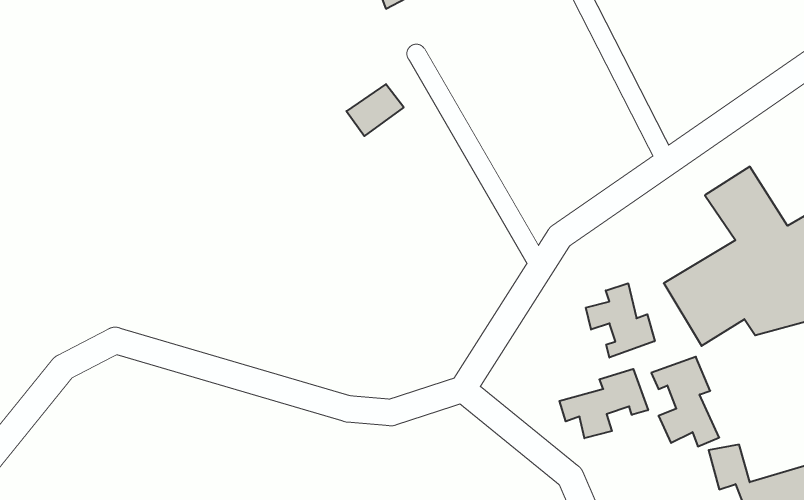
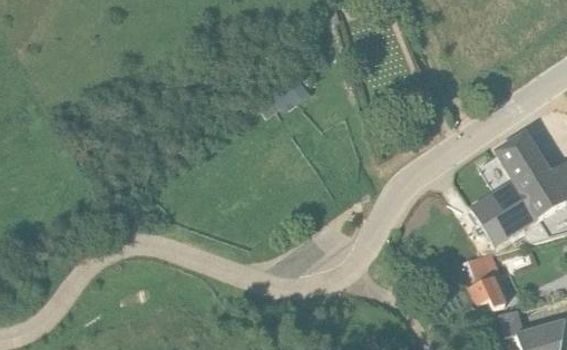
building: [586,283,655,358] -> none
building: [559,369,648,438] -> none

